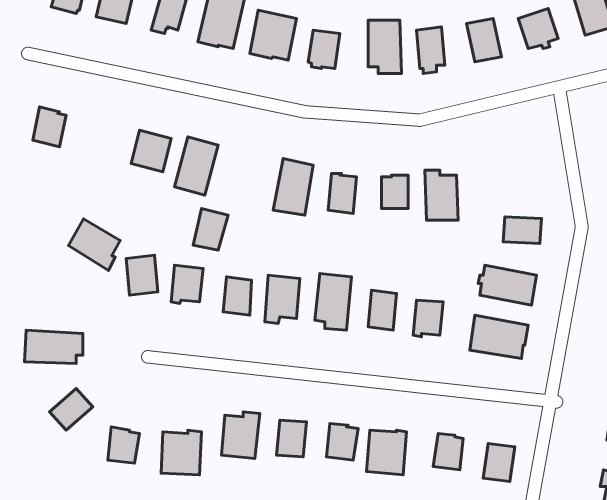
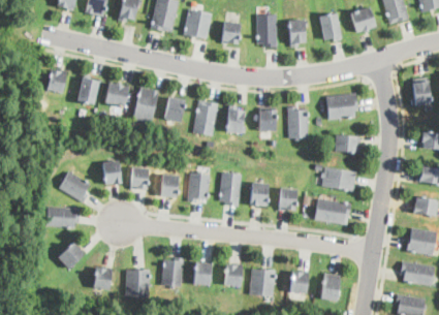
building: none -> [76,76,100,105]
building: none -> [326,94,358,121]
building: [193,208,228,250] -> [166,97,188,123]
building: [69,219,120,271] -> [57,170,89,202]

